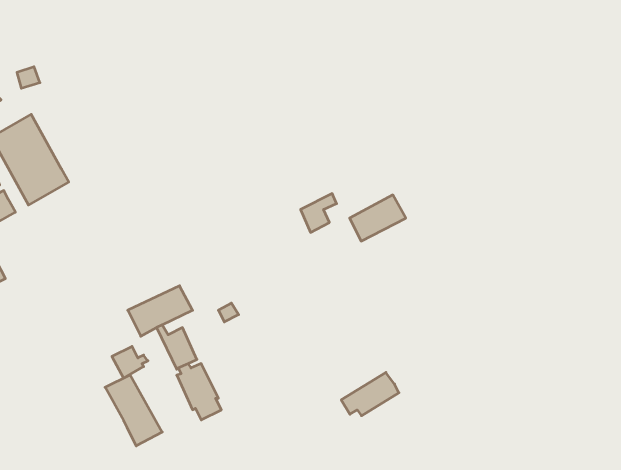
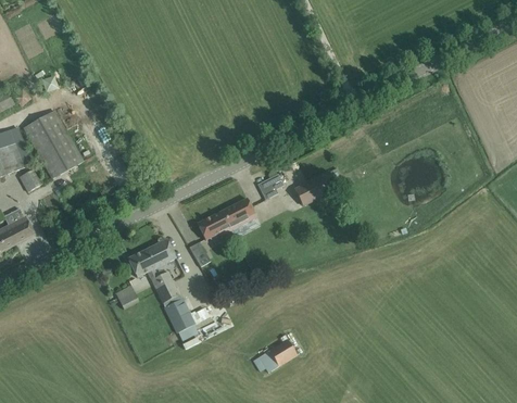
building: none -> [197,199,254,239]
building: [341,372,399,416] -> [252,339,295,371]
building: [105,375,162,446] -> none

